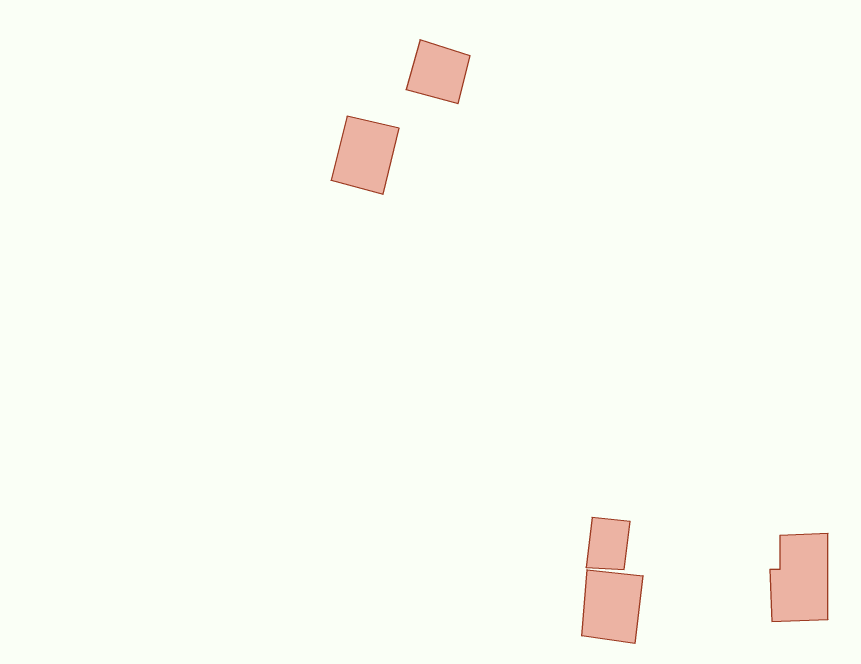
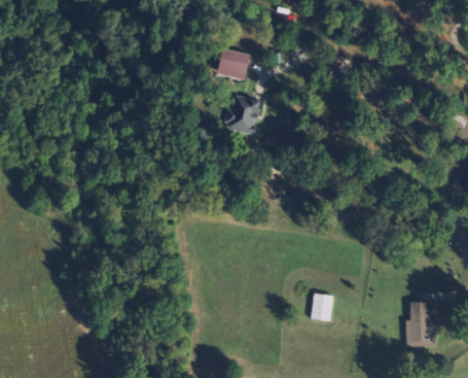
building: [331,116,399,194] -> [225,95,260,135]
building: [582,570,643,643] -> none

